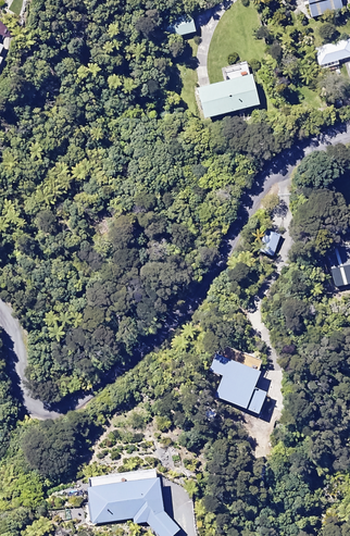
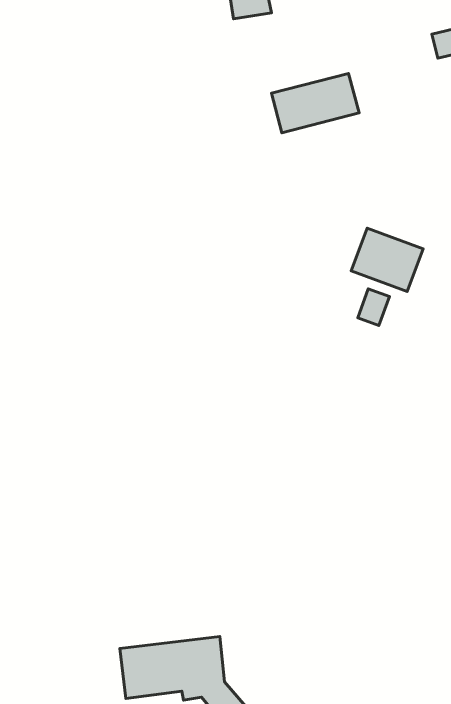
building: none -> [351,228,423,291]
building: [210,354,265,413] -> none

